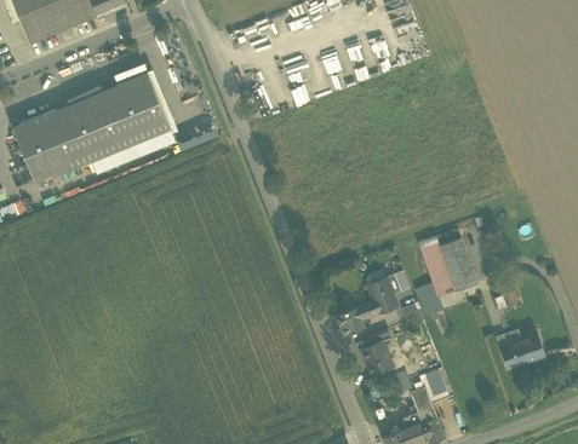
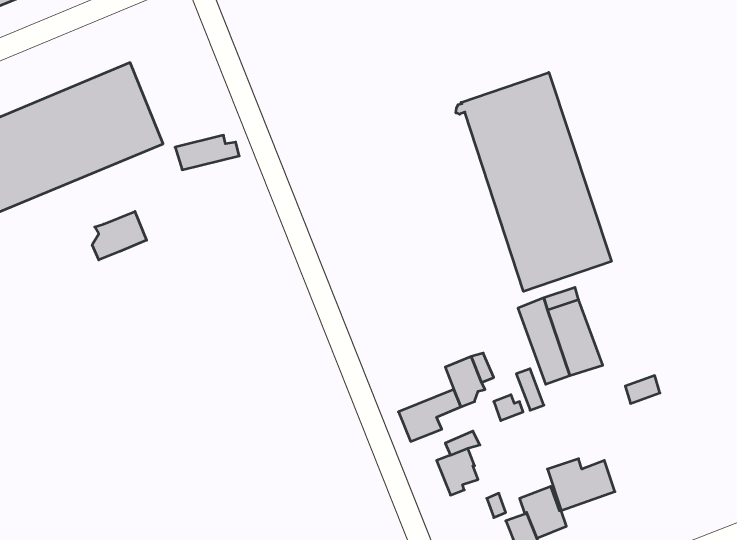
building: none -> [456,72,611,291]
building: none -> [92,211,147,260]
building: [497,331,544,368] -> [547,459,615,511]

